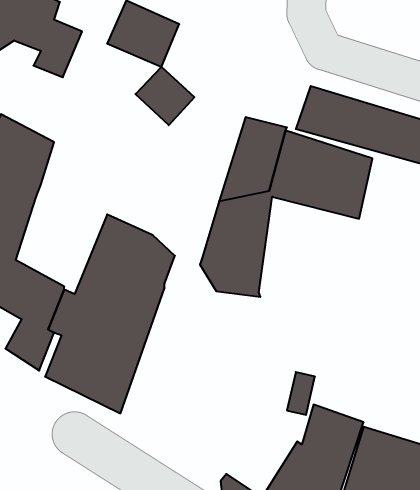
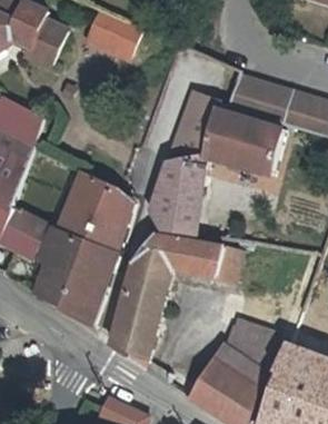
building: [135,67,194,125] -> none
building: none -> [111,233,241,364]

